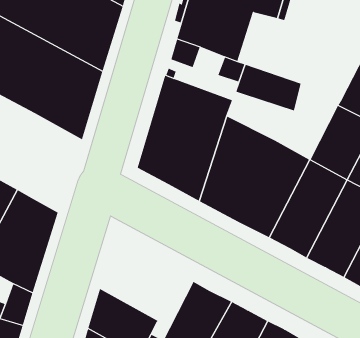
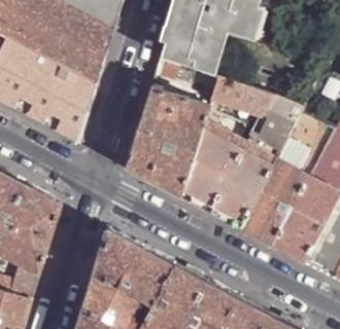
building: none -> [246,96,303,160]
building: none -> [96,229,176,304]

